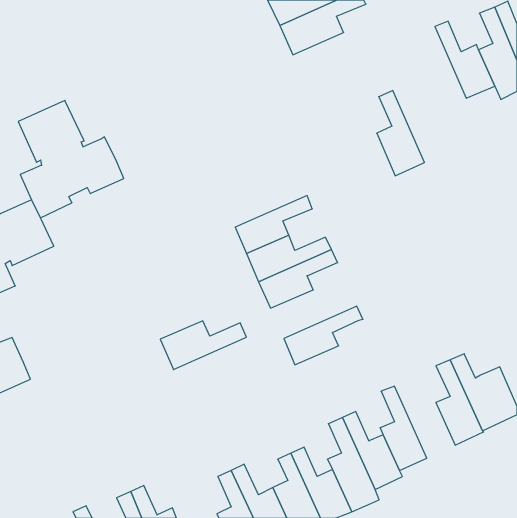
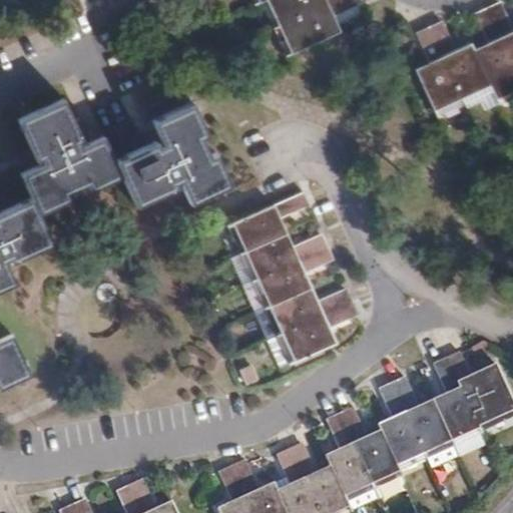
building: [377,91,424,176] -> [414,26,461,110]
building: none -> [115,101,230,205]
building: [160,321,246,370] -> [268,287,353,335]
building: none -> [390,375,453,461]

